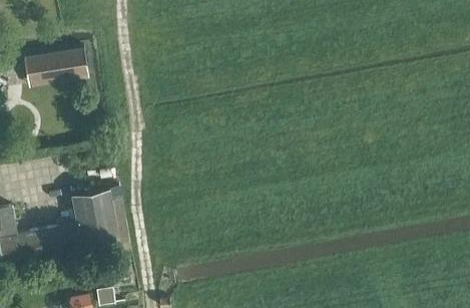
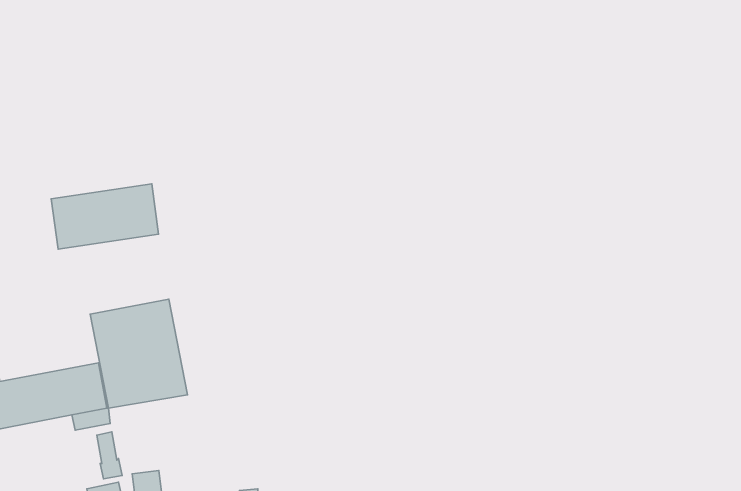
building: [23,48,87,87] -> [51,184,159,249]

